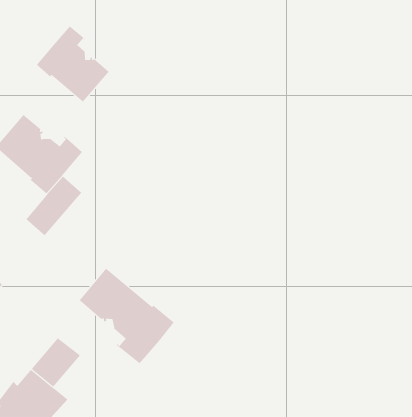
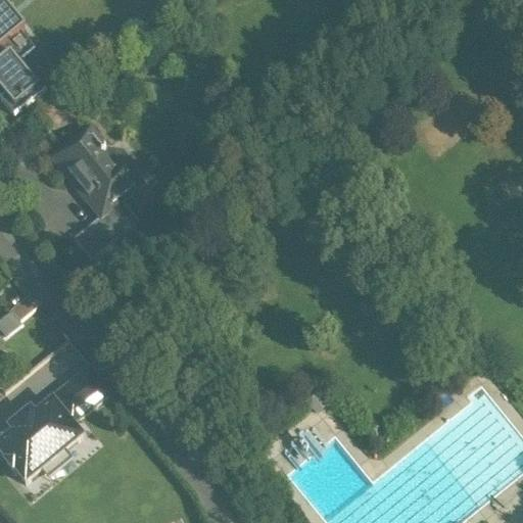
building: [36,25,109,102] -> none
building: [79,268,174,364] -> none

